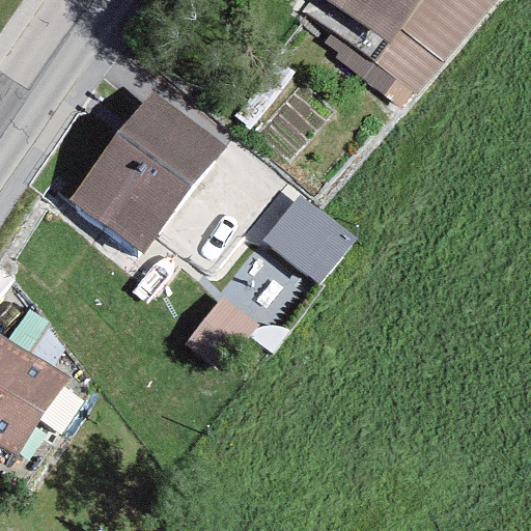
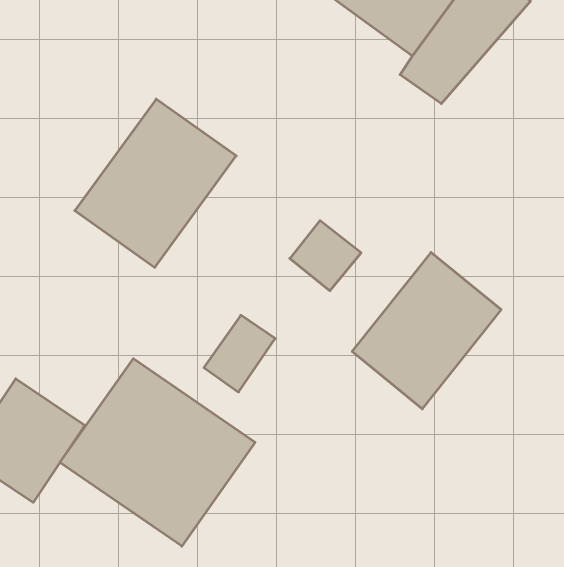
building: none -> [352,252,501,409]
building: none -> [60,359,255,546]

